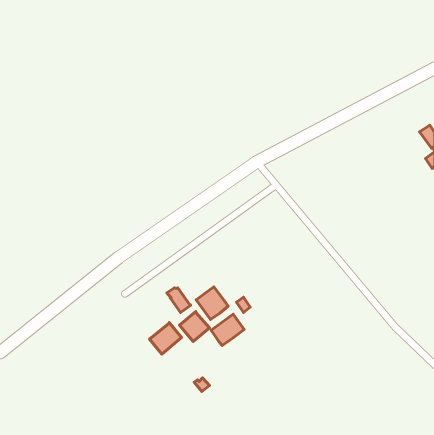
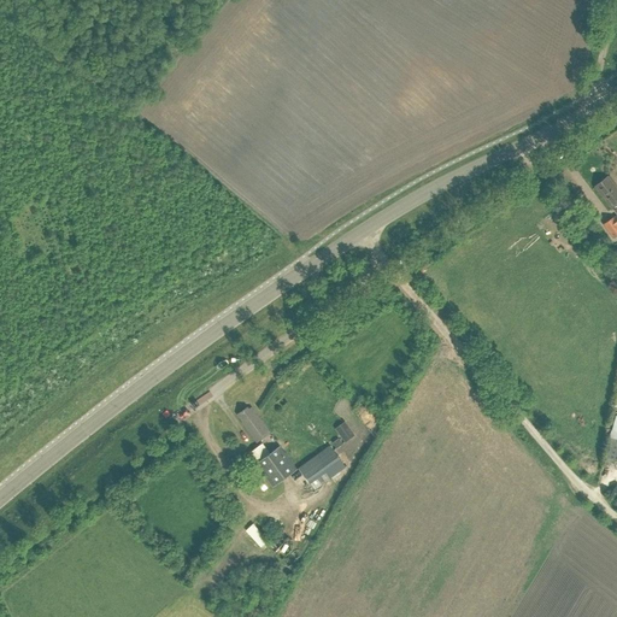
building: [196,287,228,319] -> none
building: [149,323,182,354] -> none

